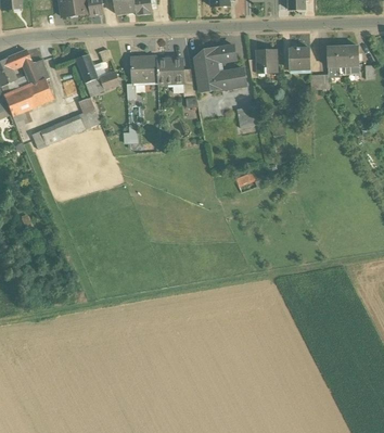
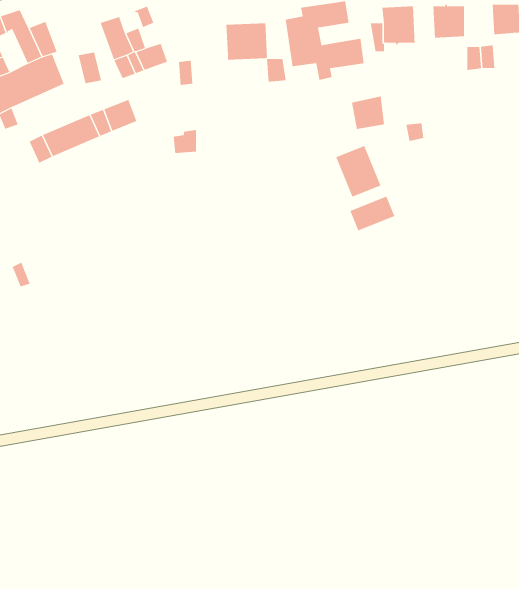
building: [131,56,157,80] -> none
building: none -> [336,145,381,197]

